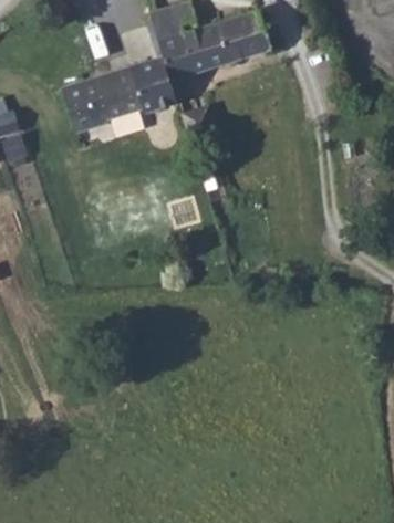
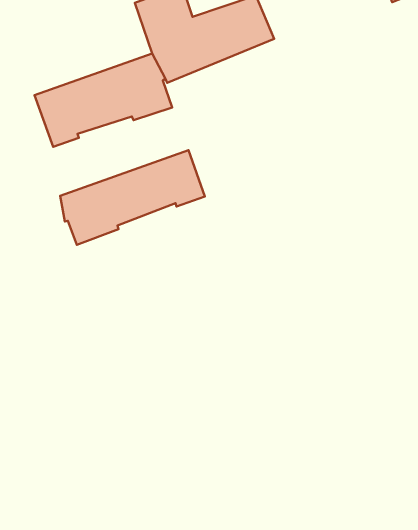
building: none -> [60,150,205,245]

